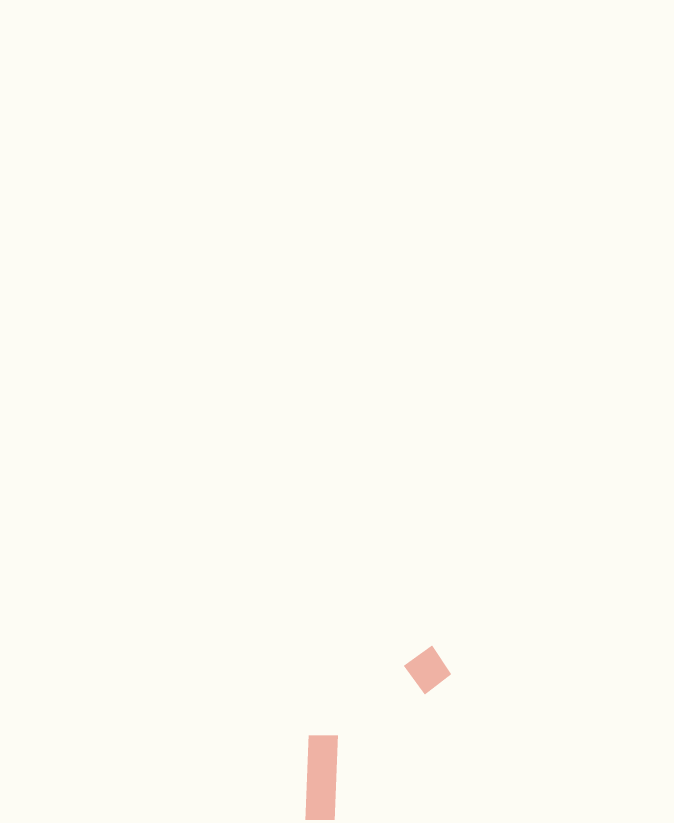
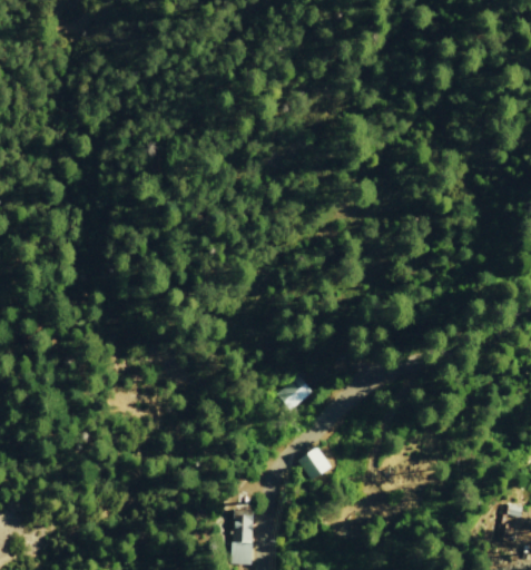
building: none -> [276,375,313,412]

